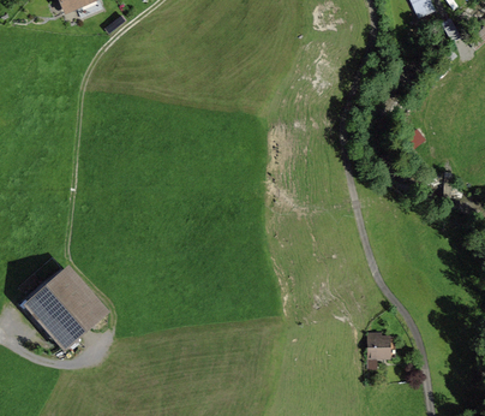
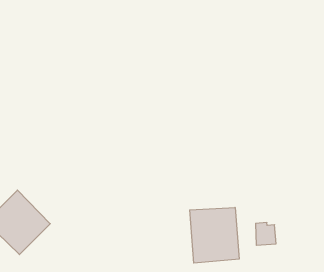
building: none -> [190,207,239,263]

